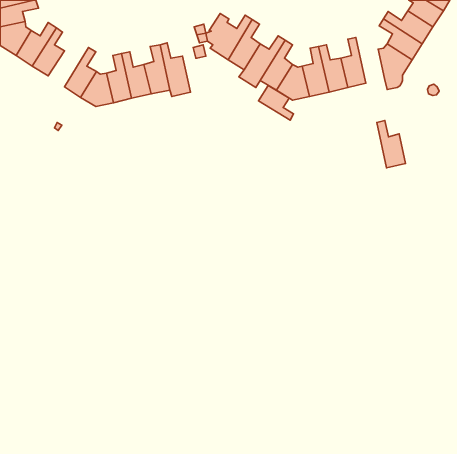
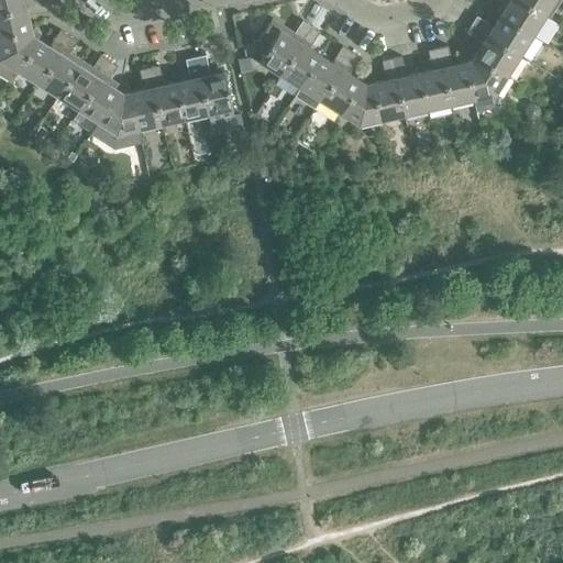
building: none -> [59,56,109,110]
building: [259,85,294,120] -> none
building: [377,121,405,168] -> [438,47,473,106]

